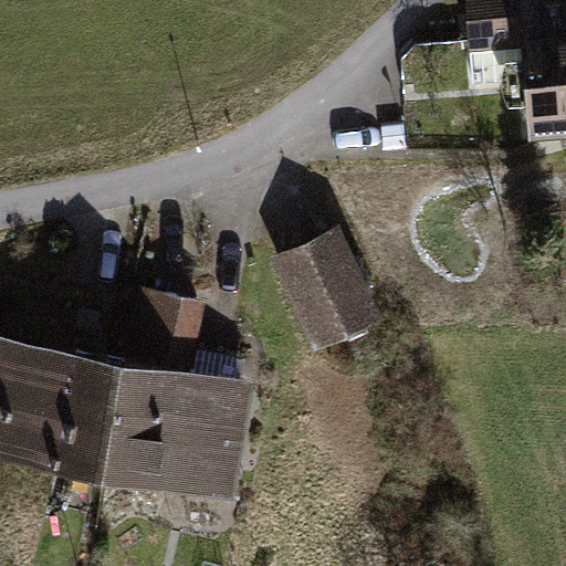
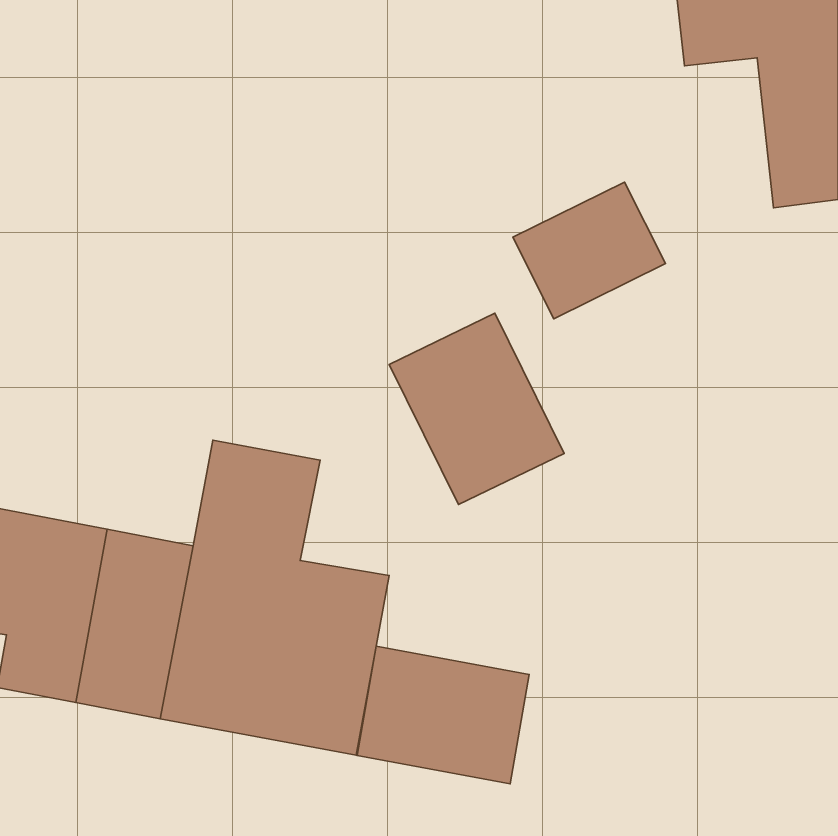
building: none -> [513,182,666,319]
building: none -> [357,646,529,784]

